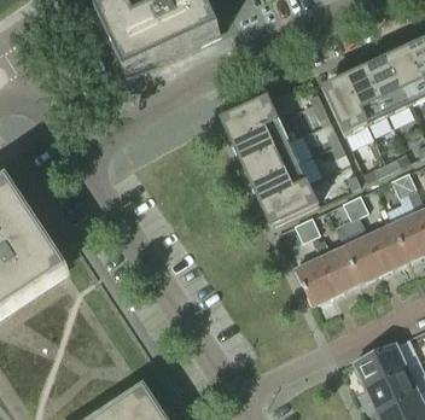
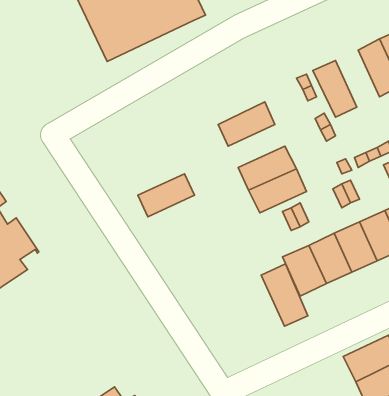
building: [345,69,388,123] -> none
building: [223,97,278,140] -> none
building: [243,140,297,181] -> [138,174,195,217]
building: none -> [261,264,308,326]

